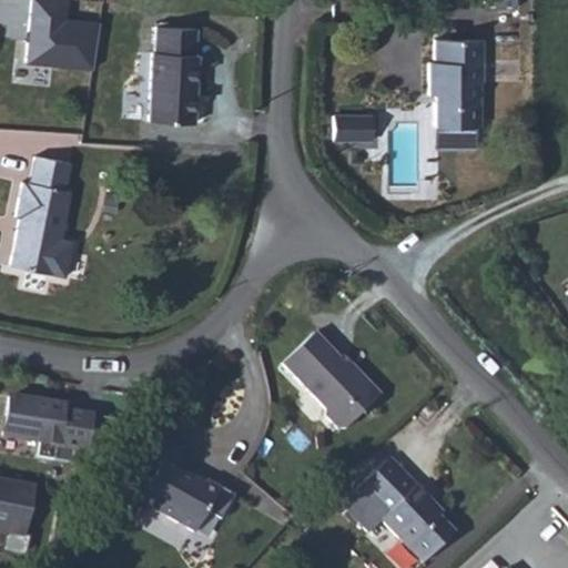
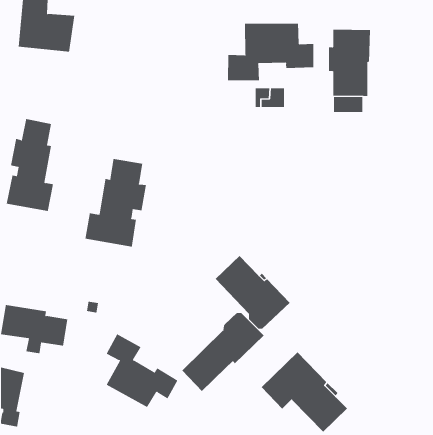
building: [150,24,199,122] -> none
building: none -> [228,23,314,81]
building: none -> [85,158,146,248]
building: none -> [181,312,265,392]

